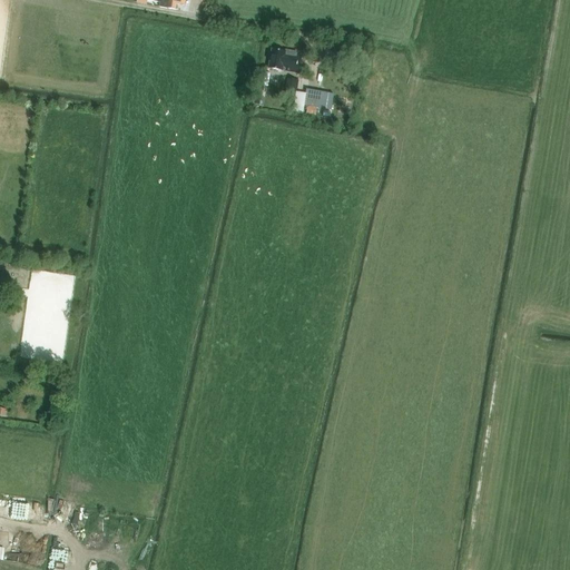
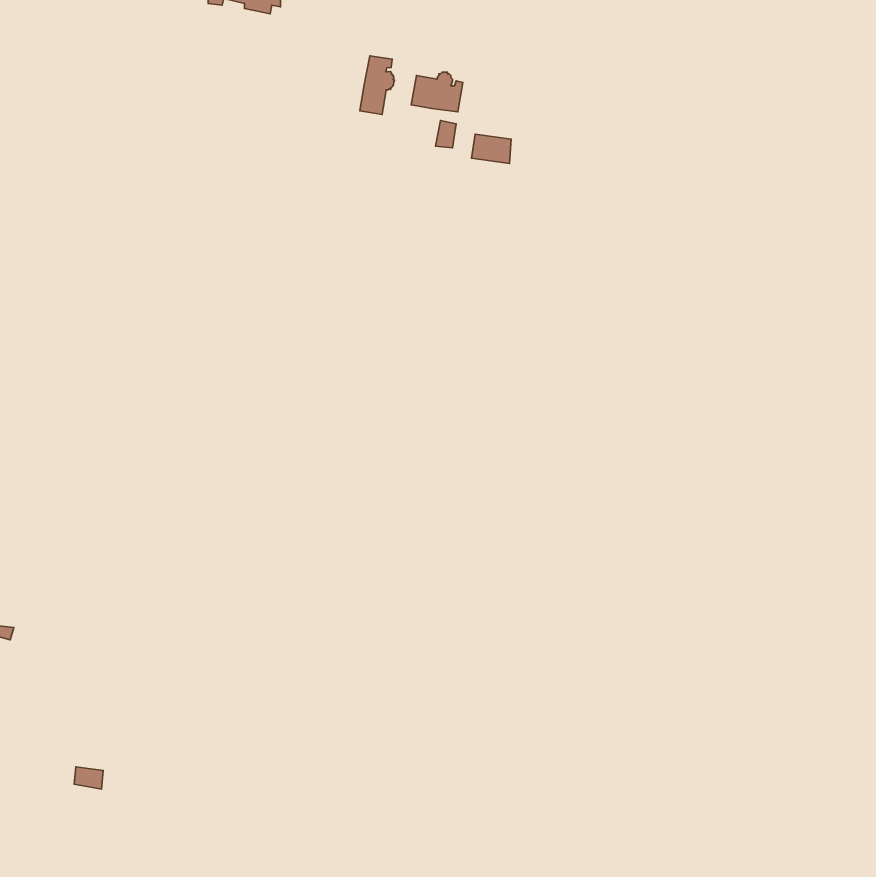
building: none -> [360,56,394,114]

